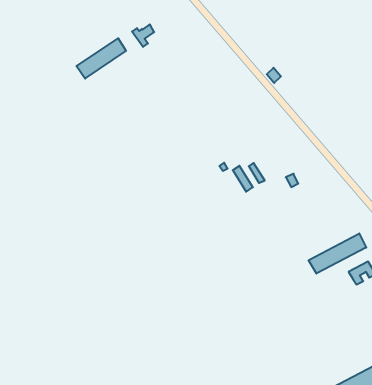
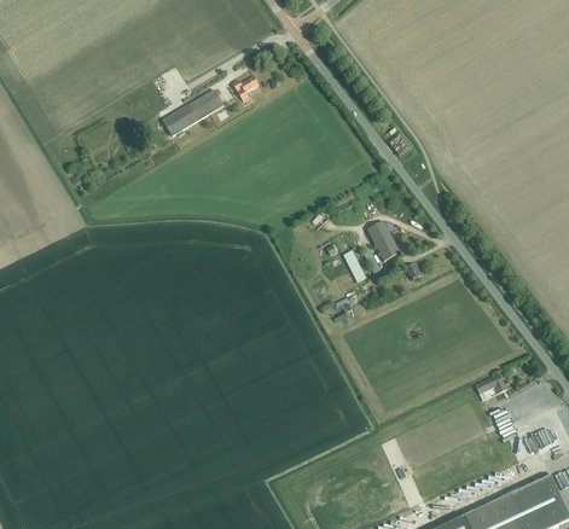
building: none -> [366,220,399,261]
building: [309,233,366,274] -> none

